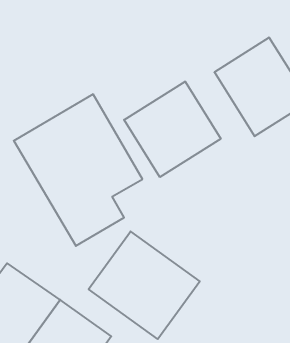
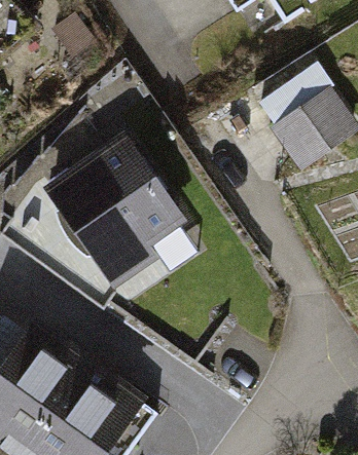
building: [124,81,221,177] -> none
building: [89,231,200,339] -> none

